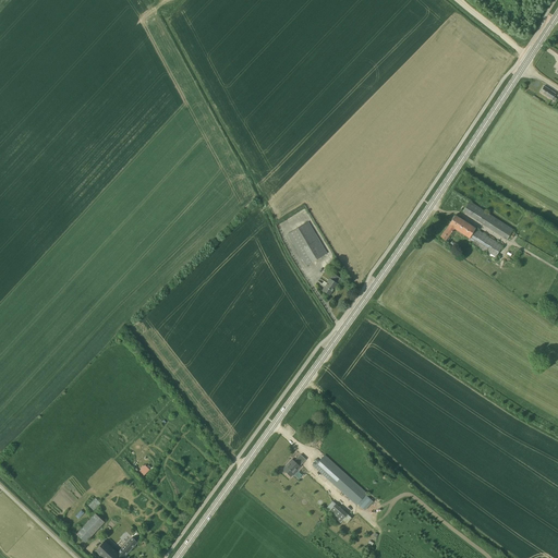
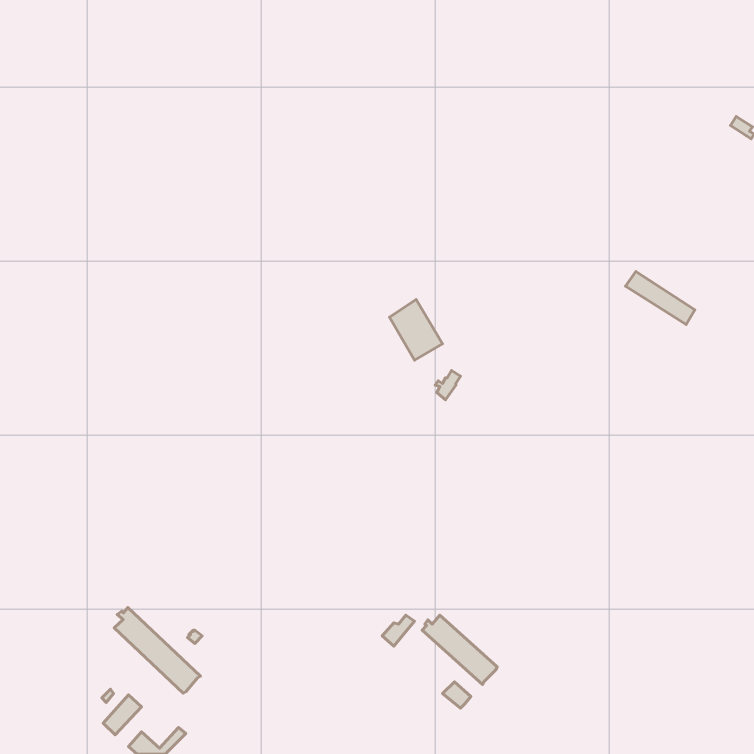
building: [440,215,502,258] -> none
building: none -> [114,608,201,693]

